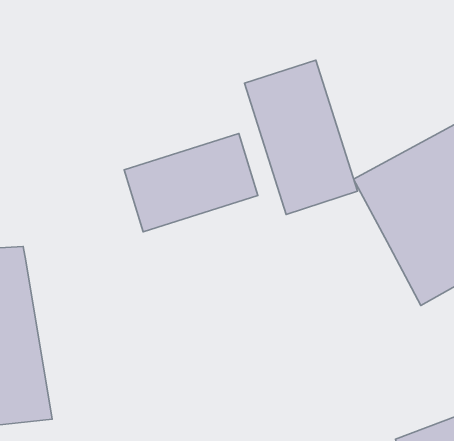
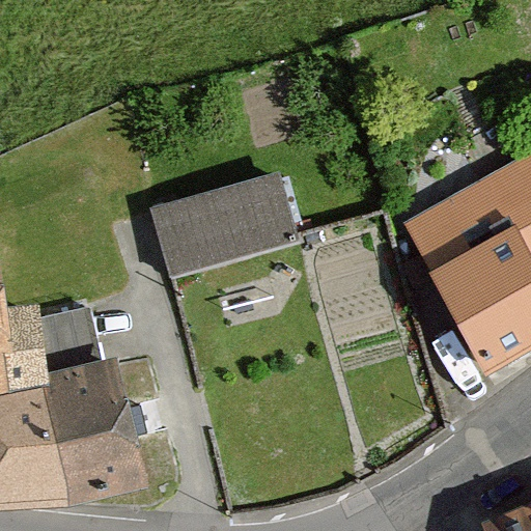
building: [245,60,357,215] -> none
building: none -> [35,306,144,497]

